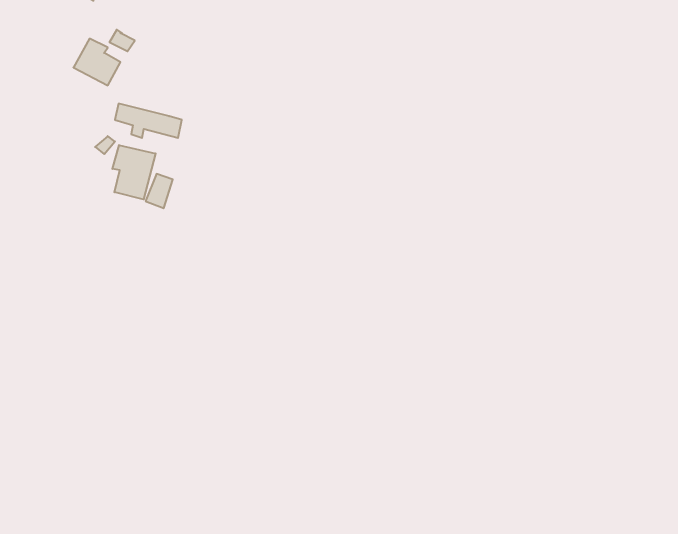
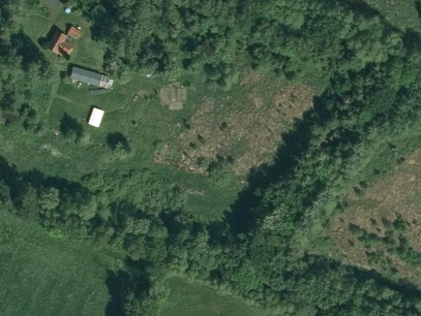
building: [112,145,156,199] -> none

